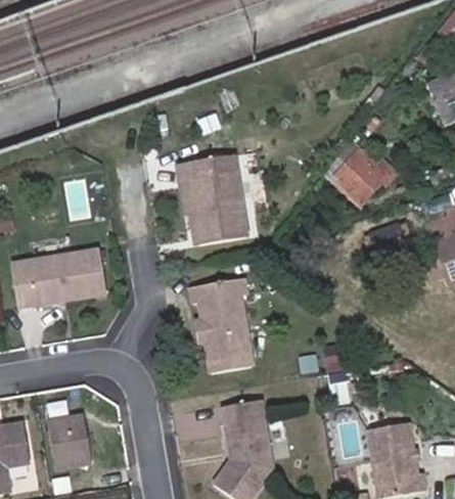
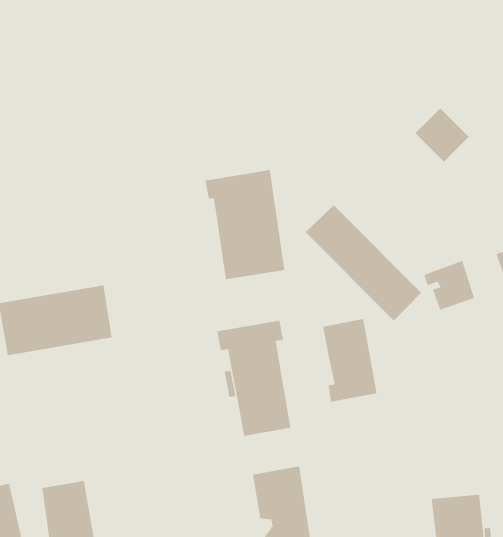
building: [339,157,385,203] -> [414,108,470,163]
building: none -> [305,204,422,321]
building: none -> [323,318,377,403]

